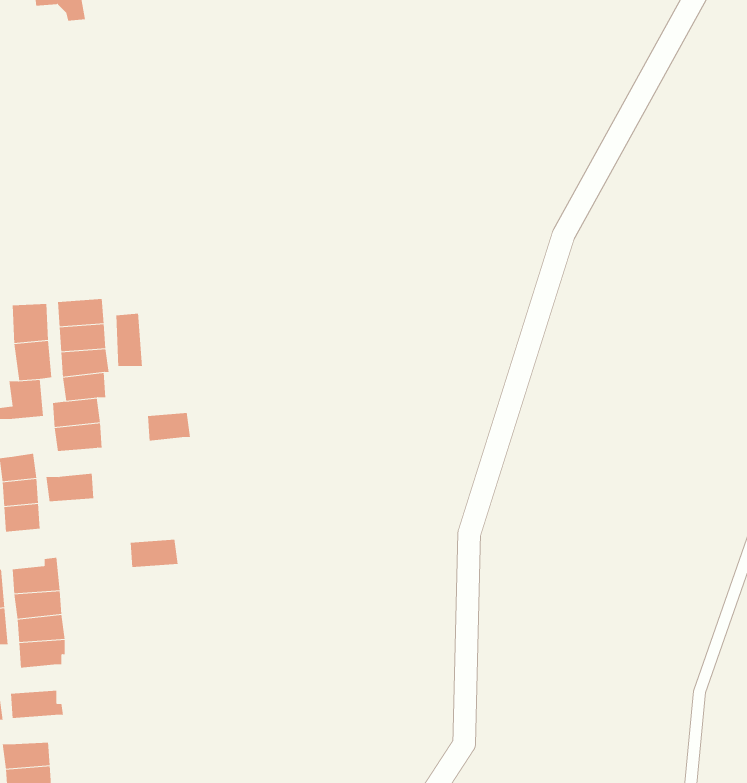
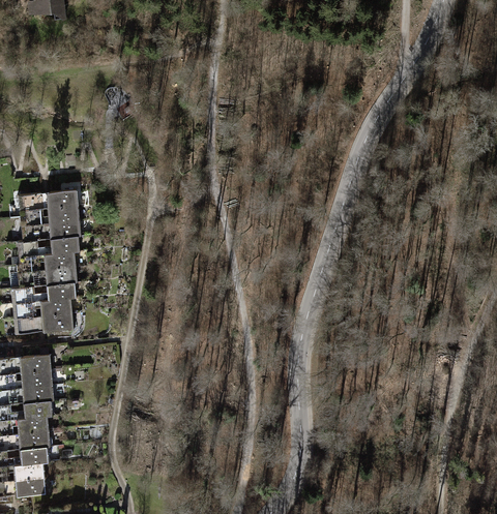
building: [116,313,143,367] -> none
building: [147,412,191,441] -> [48,282,75,300]
building: none -> [18,263,41,288]
building: [130,539,179,568] -> [42,313,72,331]
building: none -> [18,416,48,433]
building: none -> [20,447,48,464]

